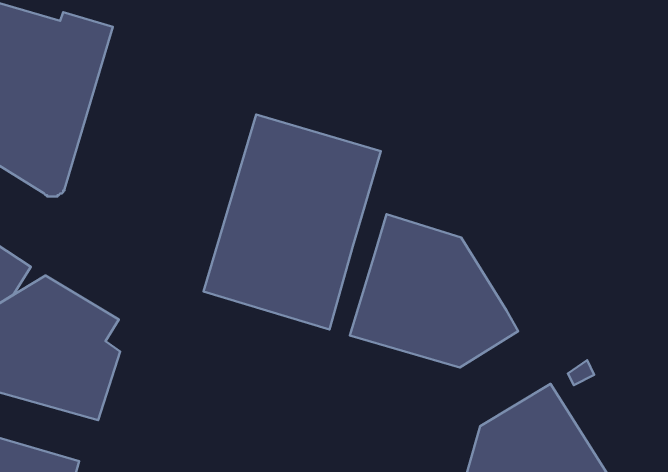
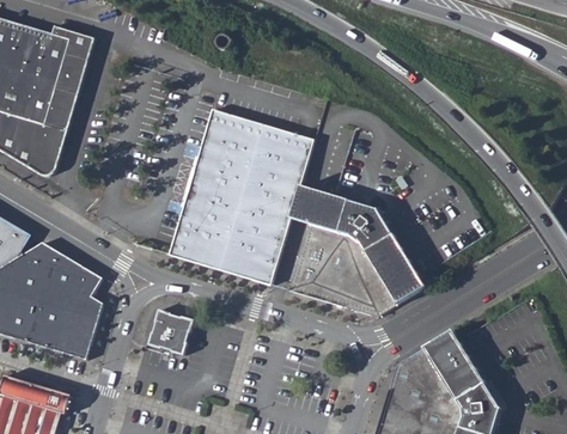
building: none -> [291,185,318,224]
building: none -> [147,311,193,355]

